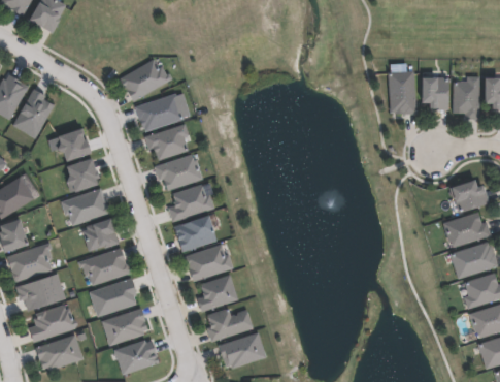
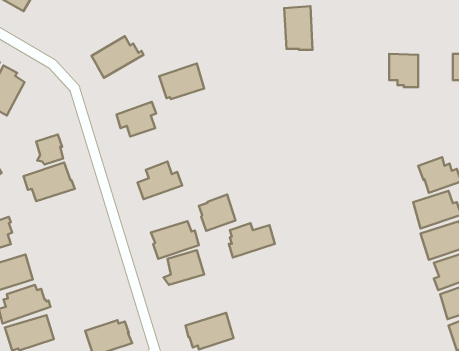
building: [386,70,413,114] -> [284,6,312,50]
building: [449,76,477,119] -> none
building: [137,94,181,129] -> [159,64,204,99]
building: [52,126,92,161] -> none
building: [157,155,200,189] -> none
building: [176,213,212,249] -> [199,194,236,231]
building: [77,214,114,247] -> none
building: [80,248,133,285] -> none
building: [90,278,138,317] -> none
building: [104,308,152,346] -> none
building: [204,308,249,342] -> [229,223,275,257]

